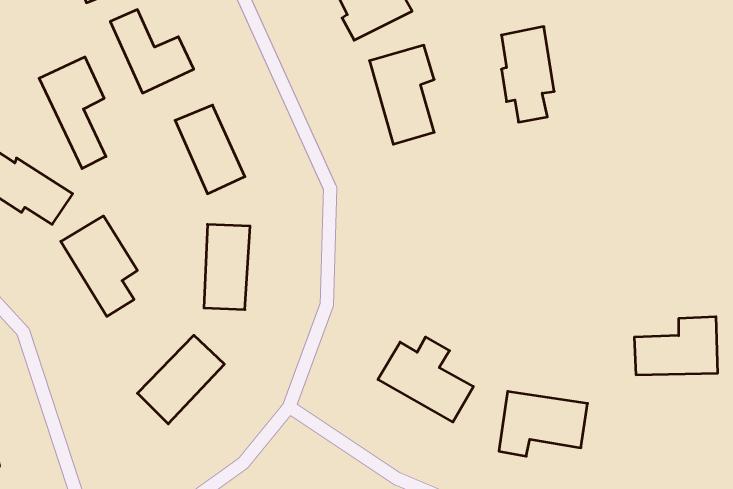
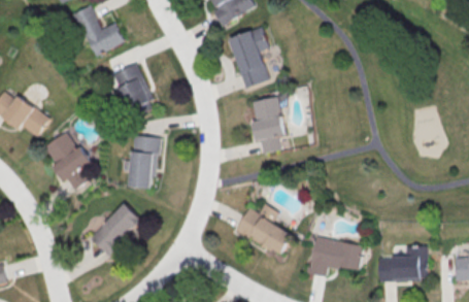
building: [501,27,554,122] -> [253,96,284,154]
building: [39,57,106,169] -> none
building: [634,317,718,375] -> [377,245,428,280]

